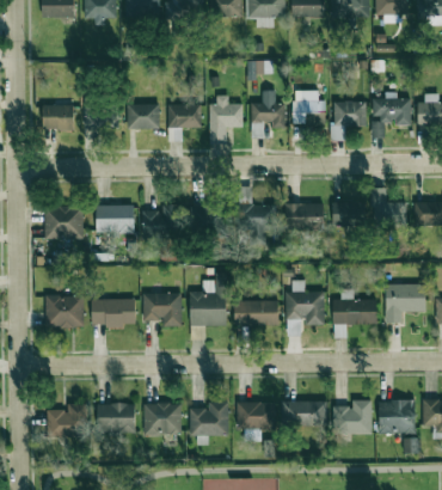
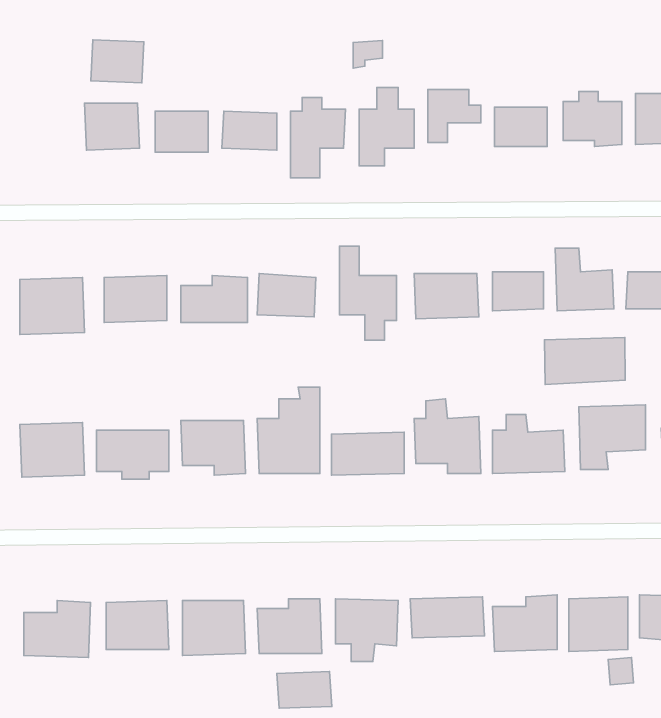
building: [42,104,74,130] -> [91,40,144,83]
building: none -> [544,337,625,385]
building: none -> [277,671,332,708]

